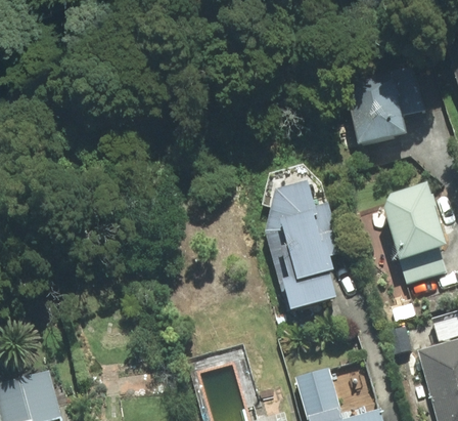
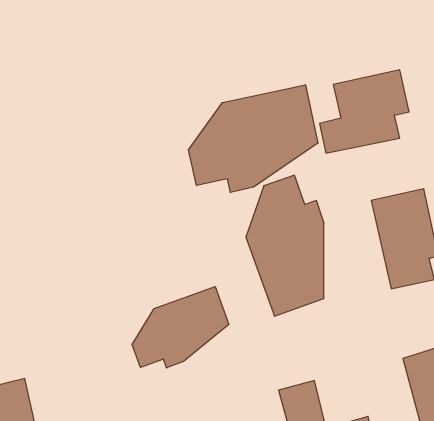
building: none -> [188,85,318,193]
building: none -> [132,287,229,368]

